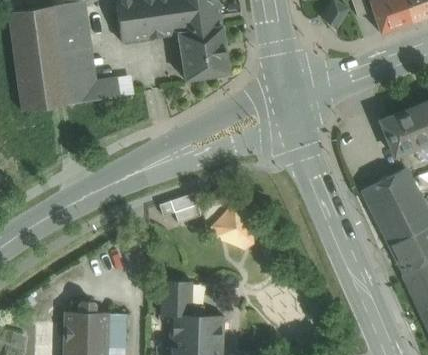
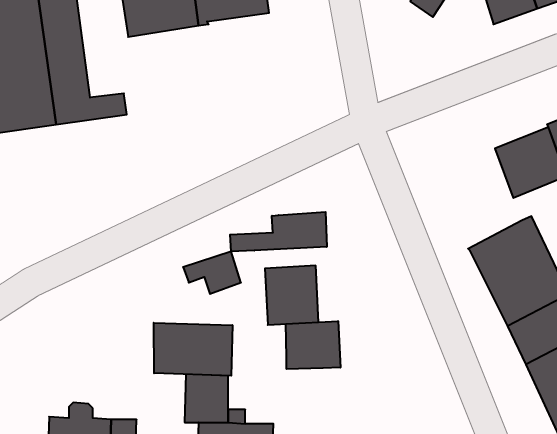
building: [177,25,229,80] -> none
building: none -> [230,212,327,251]
building: none -> [286,321,340,369]
building: none -> [154,323,232,376]

